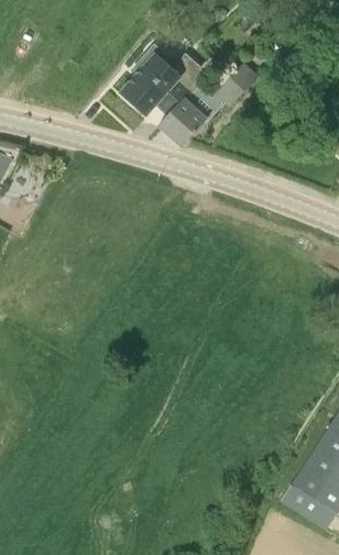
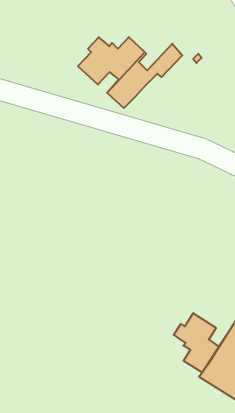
building: none -> [174,313,227,372]

